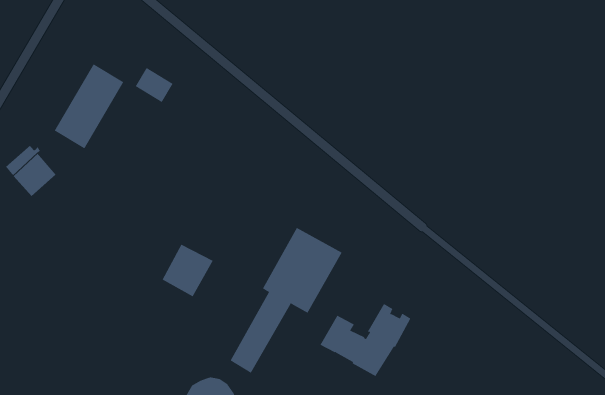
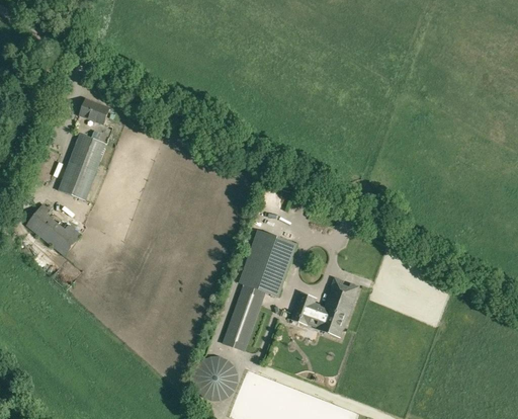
building: [135,67,173,103] -> [80,98,109,123]
building: none -> [51,223,81,254]
building: [162,244,214,297] -> none

